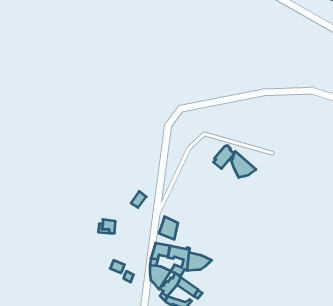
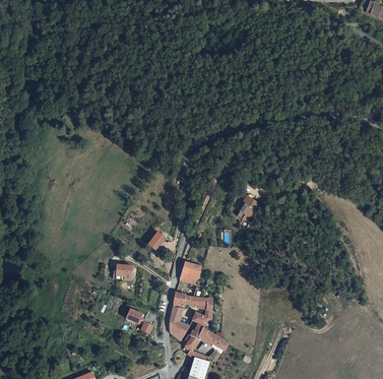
building: [232,151,256,178] -> none
building: [187,252,212,271] -> none

